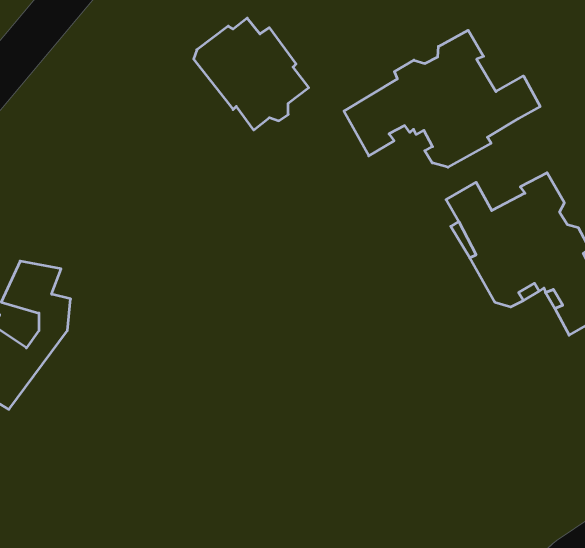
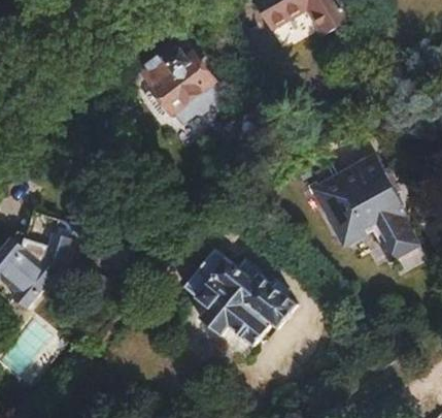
building: [344,30,540,167] -> none
building: none -> [186,252,298,346]

